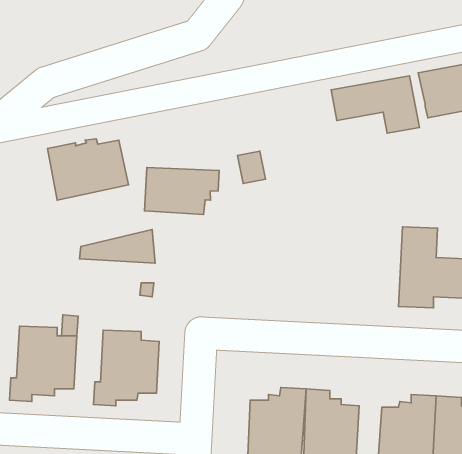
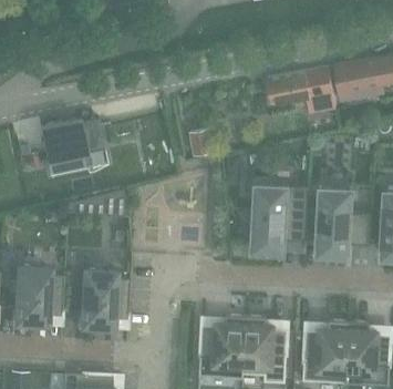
building: [144,168,219,214] -> none
building: none -> [251,187,307,252]

